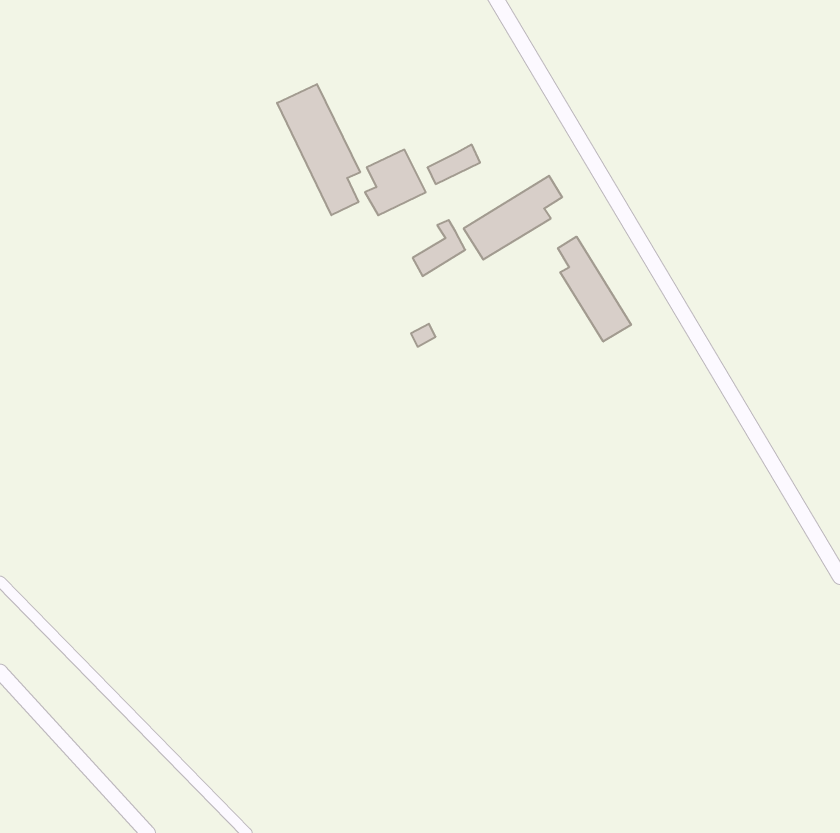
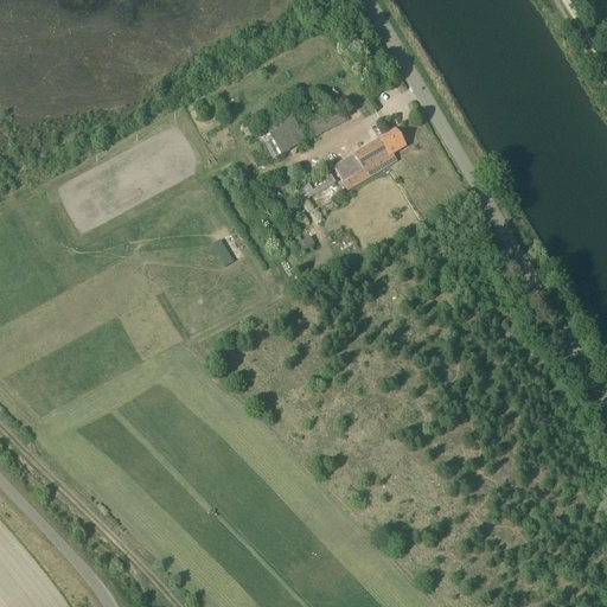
building: [277,84,360,215] -> none
building: [558,237,631,342] -> none

